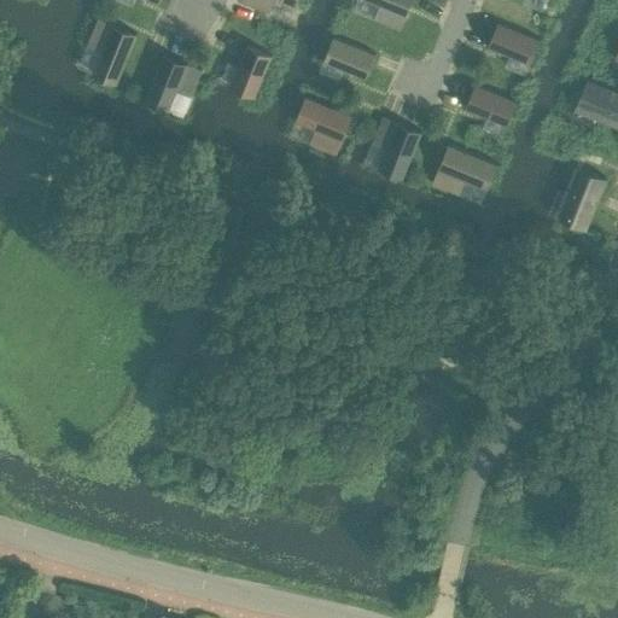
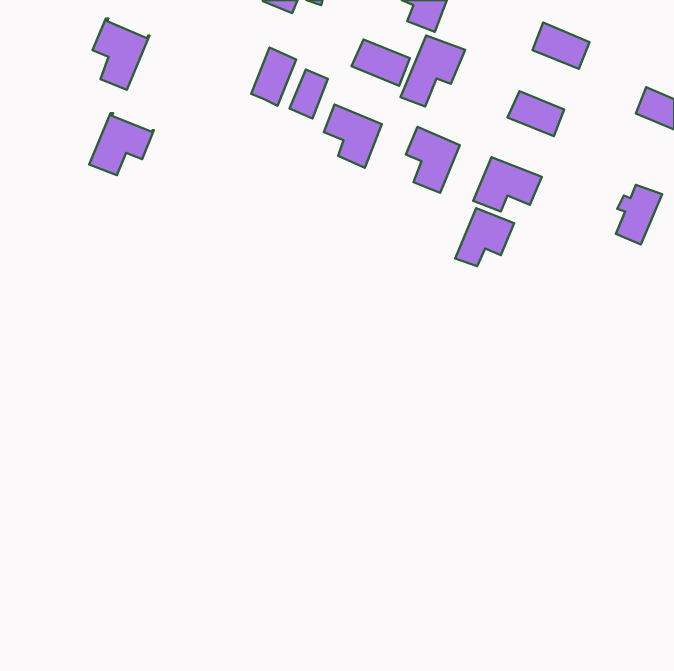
building: none -> [400,35,465,106]
building: [142,57,202,113] -> [89,113,154,175]
building: none -> [290,70,328,118]
building: none -> [455,208,514,266]

